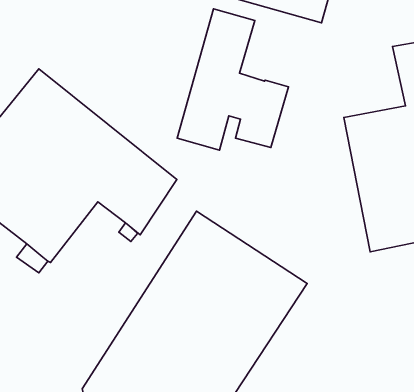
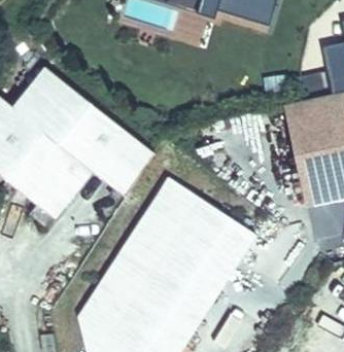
building: [177,9,288,150] -> none

